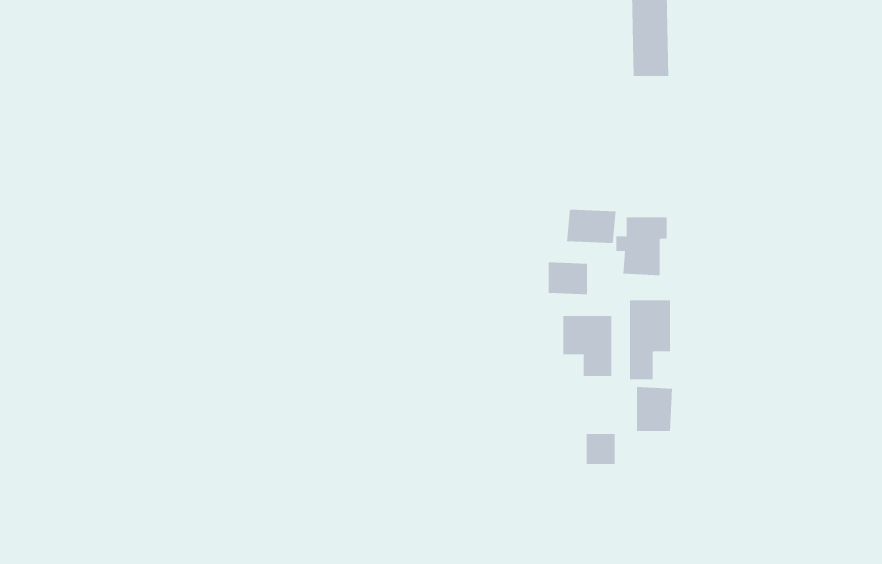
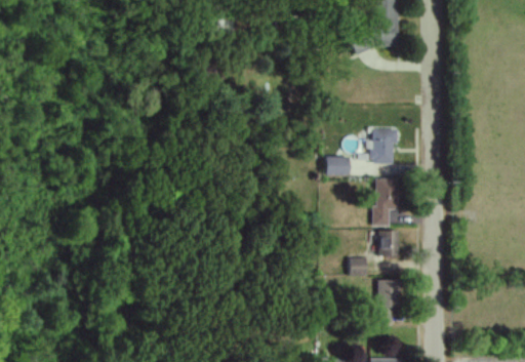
building: [566,209,616,244] -> none
building: [563,315,612,377] -> none
building: none -> [377,280,399,323]

